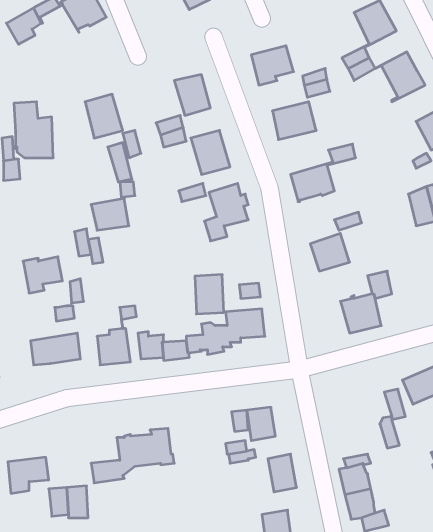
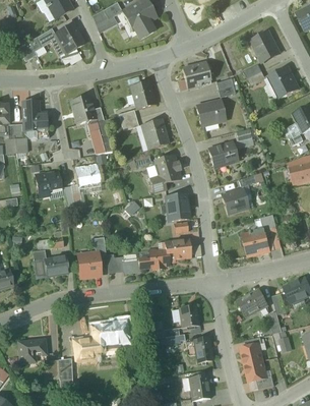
building: [23,257,62,293] -> [35,172,61,196]
building: [195,275,224,314] -> [168,193,187,220]
building: none -> [237,289,267,316]

